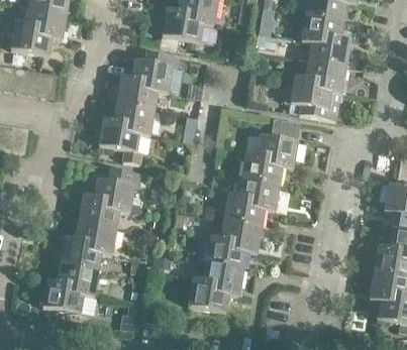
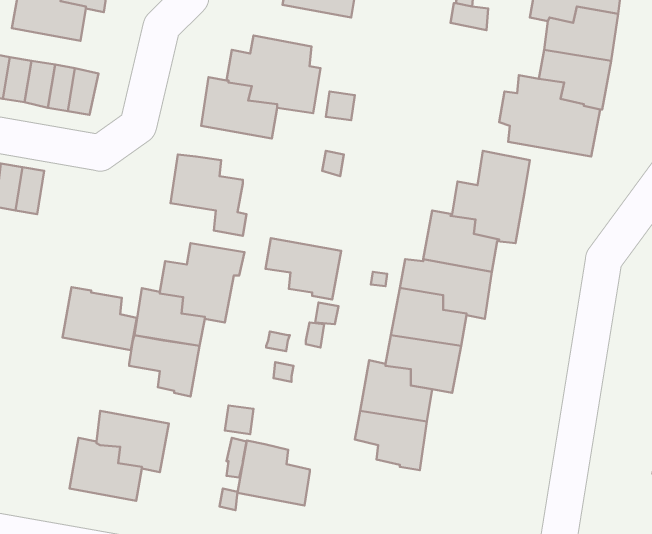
building: [114,102,157,136] -> [265,238,341,300]
building: [61,233,102,268] -> [62,287,136,350]
building: [188,275,228,312] -> [238,441,310,506]

